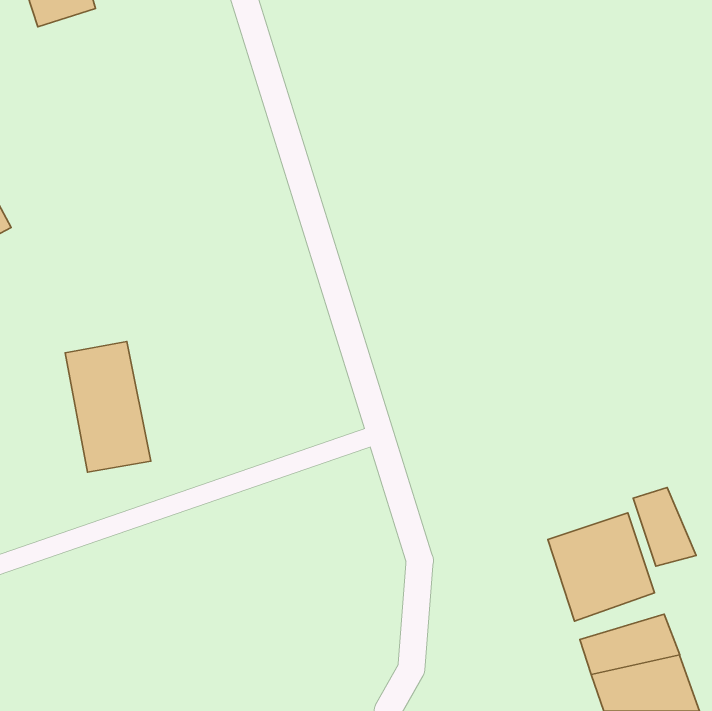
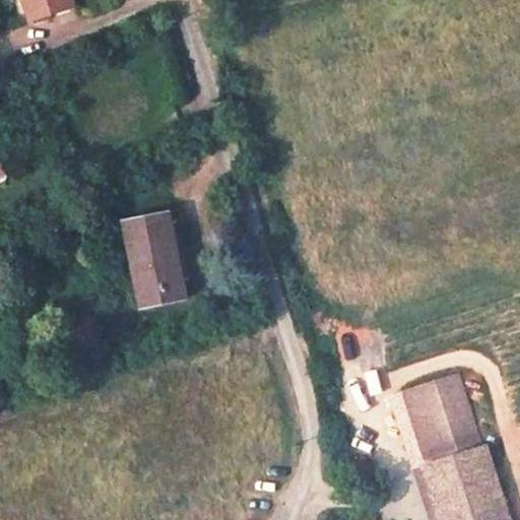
building: [65,342,151,472] -> [126,216,188,311]
building: [633,488,696,566] -> none

